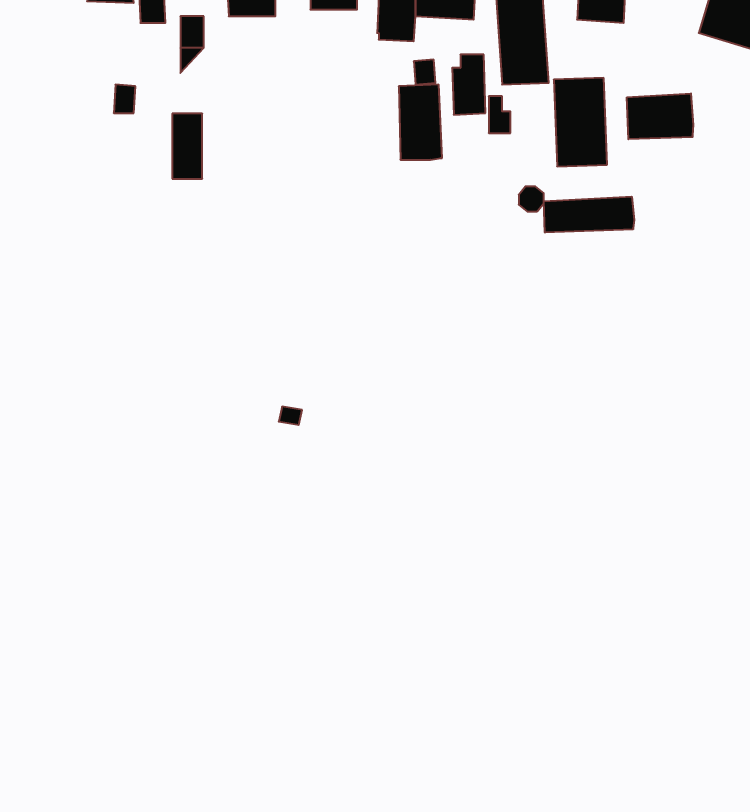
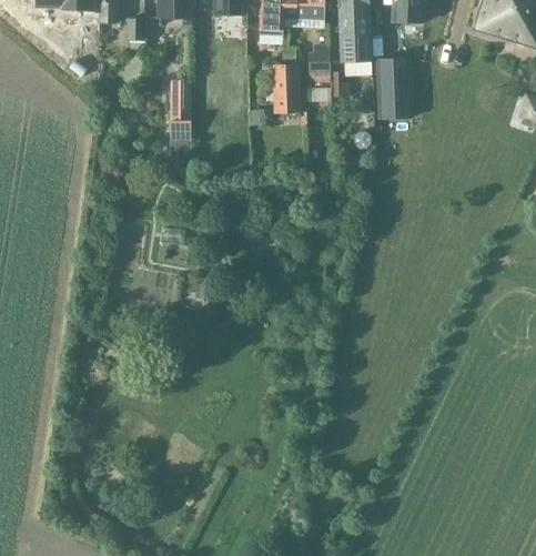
building: [627,93,693,139] -> none
building: [172,114,202,179] -> [170,93,190,137]
building: [544,197,634,233] -> none

